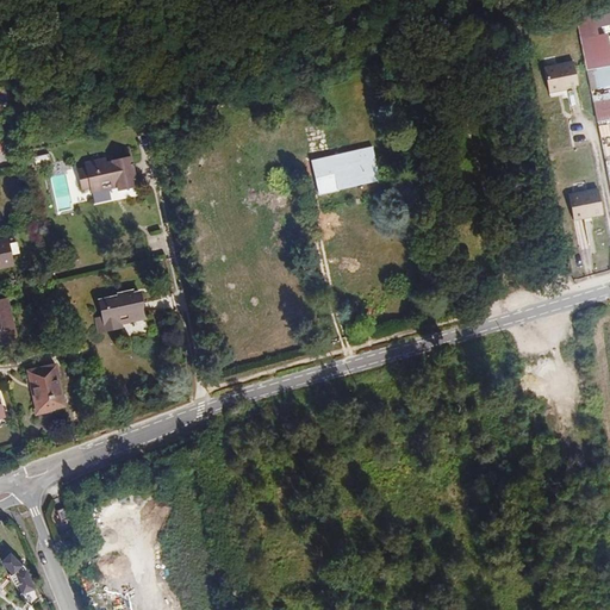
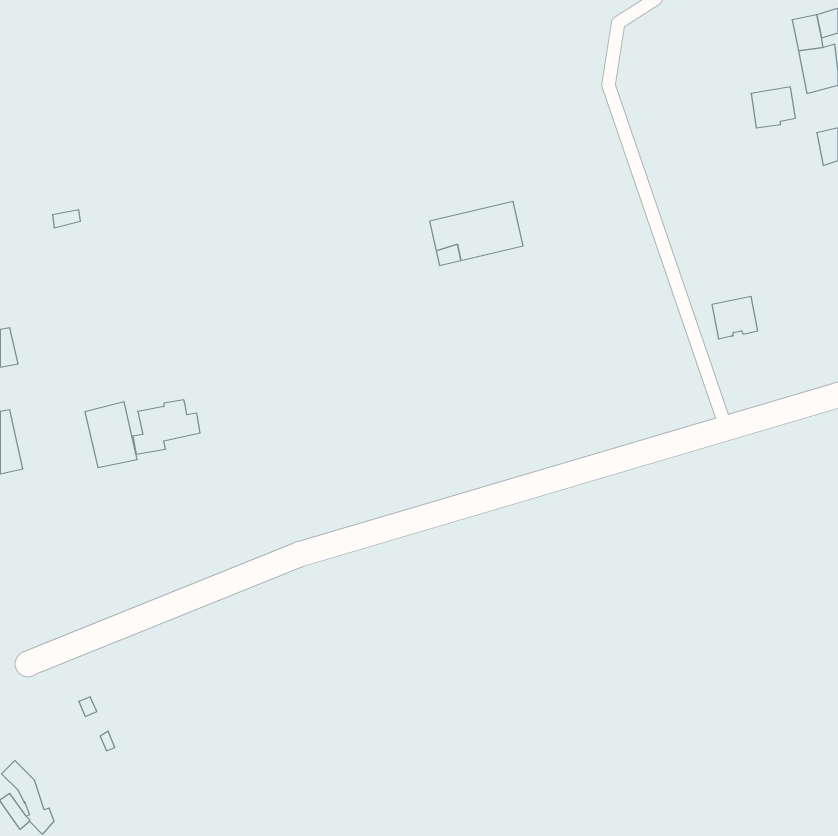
building: [77,155,137,192] -> none
building: [569,188,603,219] -> [712,296,758,339]
building: [27,363,66,411] -> [85,402,137,468]

